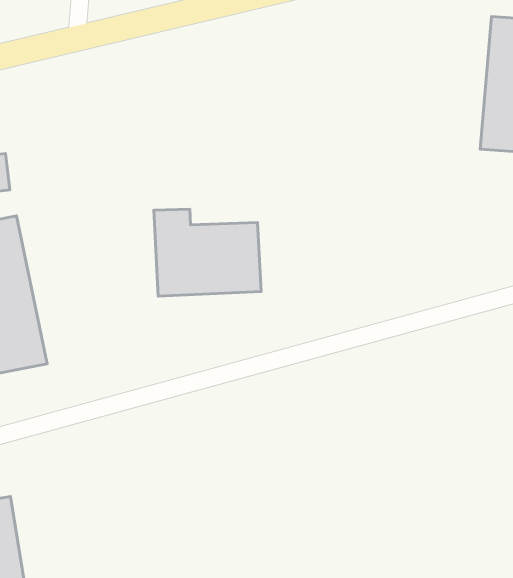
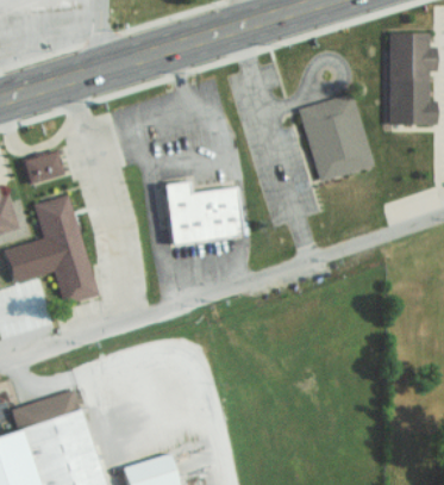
building: none -> [298,93,373,182]

